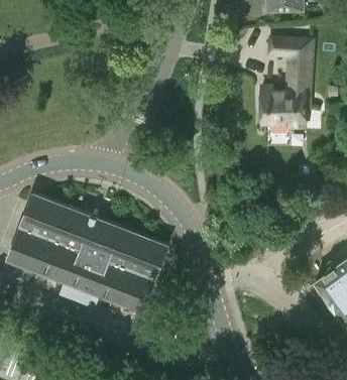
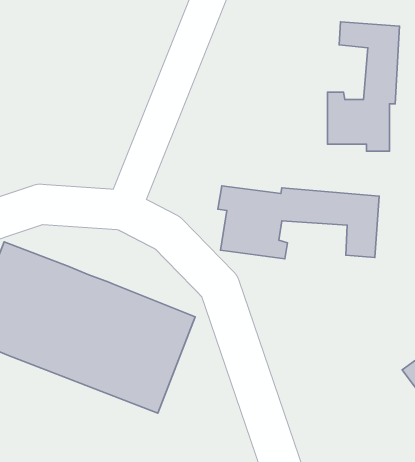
building: none -> [218,186,379,259]

